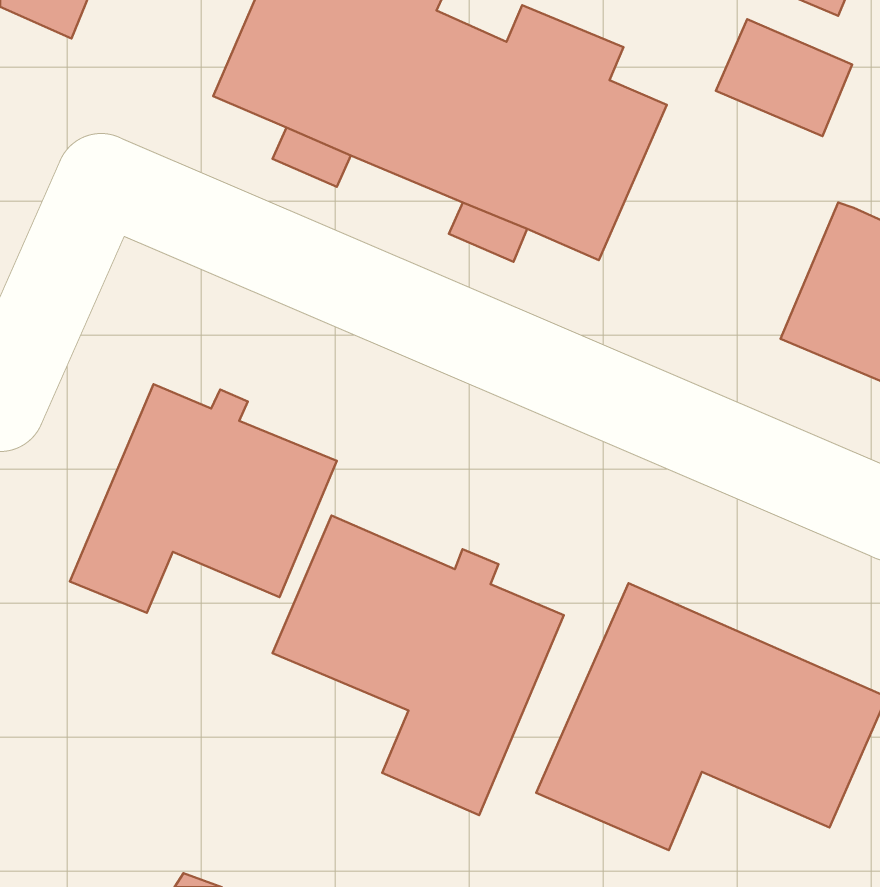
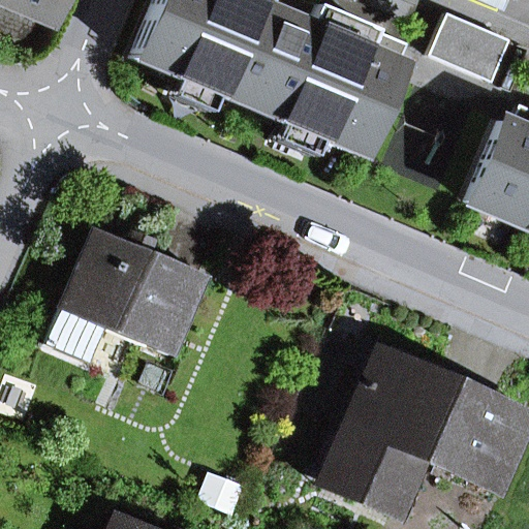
building: [273,515,564,815] -> none

